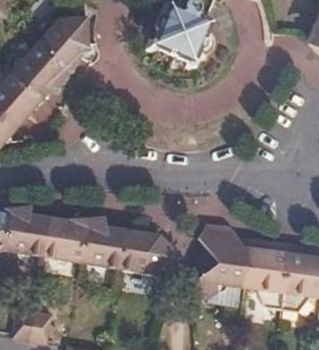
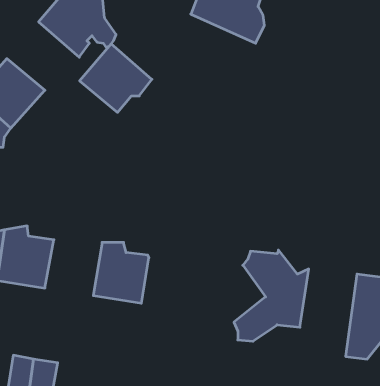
building: [11,43,68,98] -> [80,44,152,112]
building: [41,217,87,261] -> none
building: [118,231,173,273] -> none
building: [244,239,289,310] -> none

